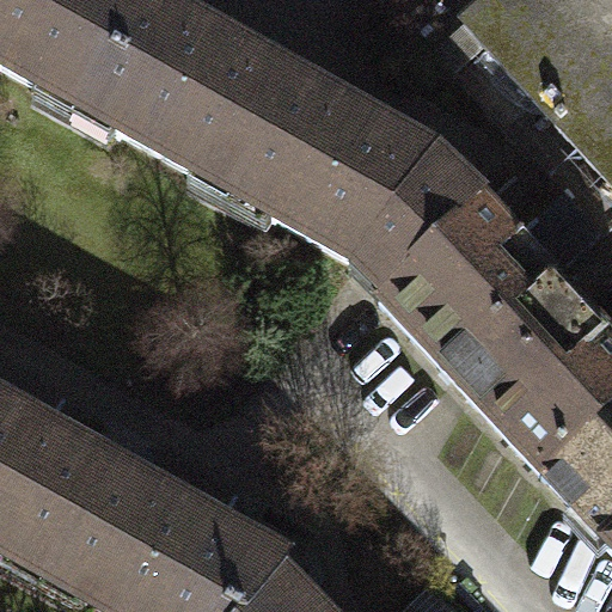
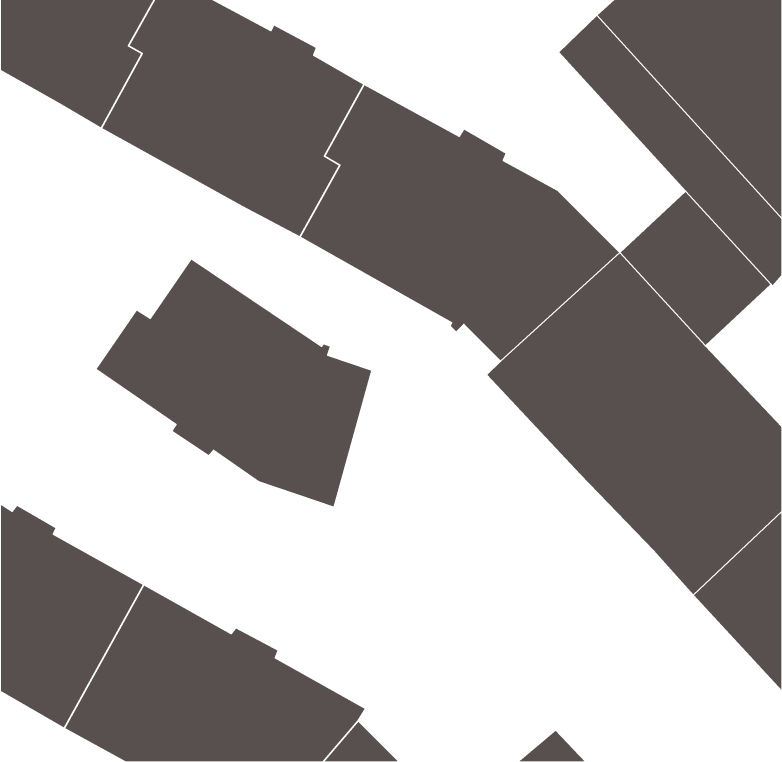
building: none -> [96,258,372,508]

